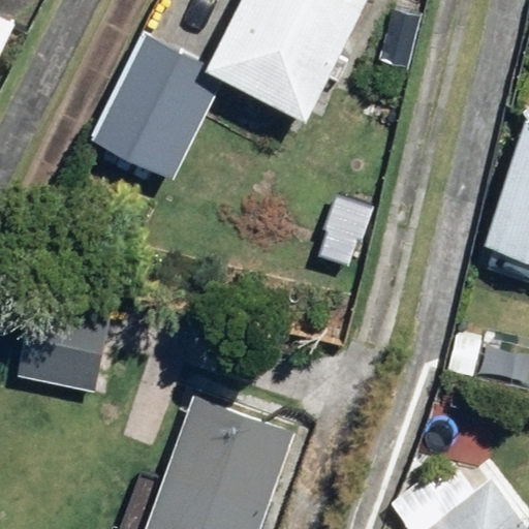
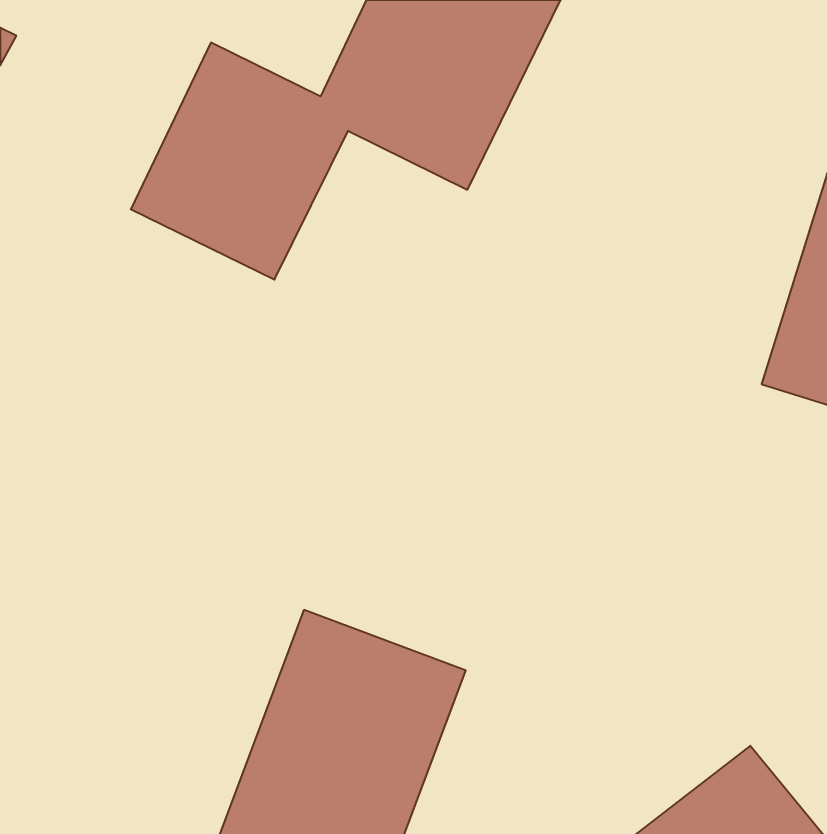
building: [22,313,114,396] -> none

